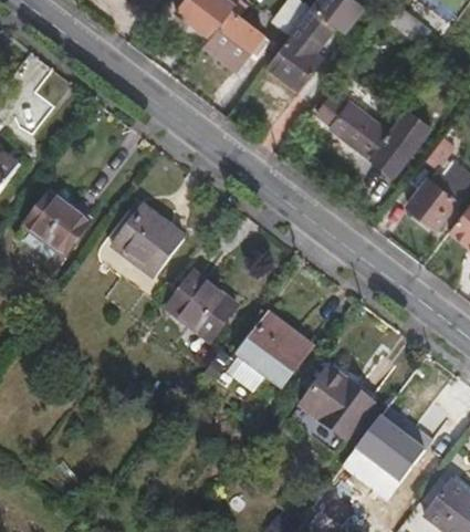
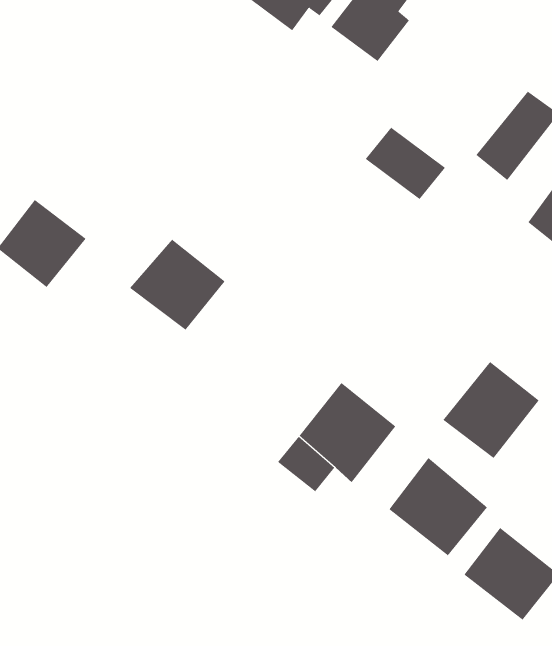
building: [328,101,387,154] -> [365,127,446,200]
building: [167,275,234,344] -> none
building: none -> [442,361,539,459]

